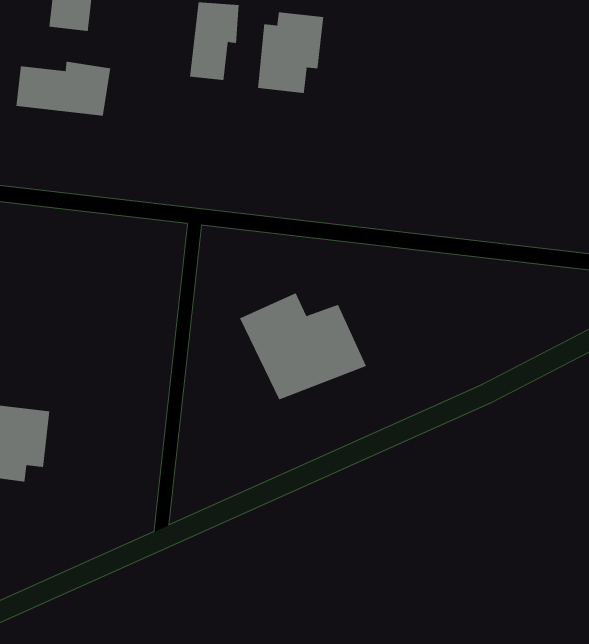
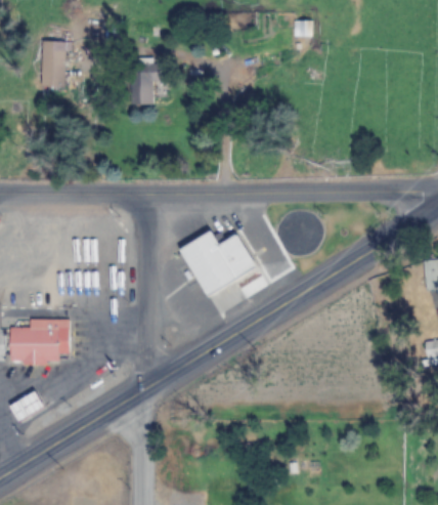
building: [258,11,324,94] -> none
building: [16,61,111,116] -> none

